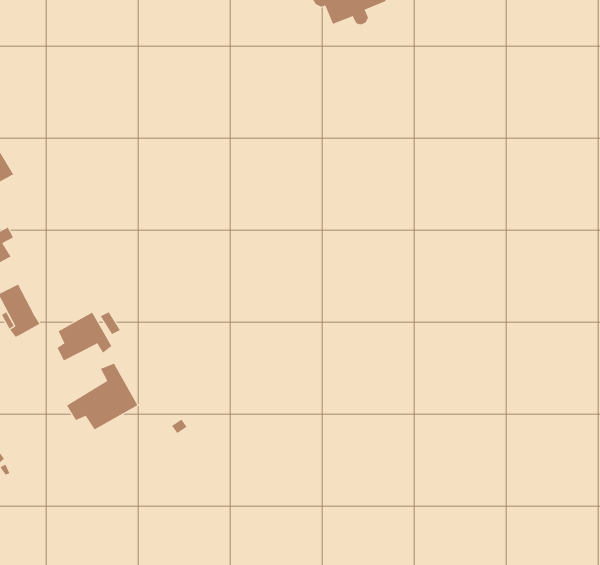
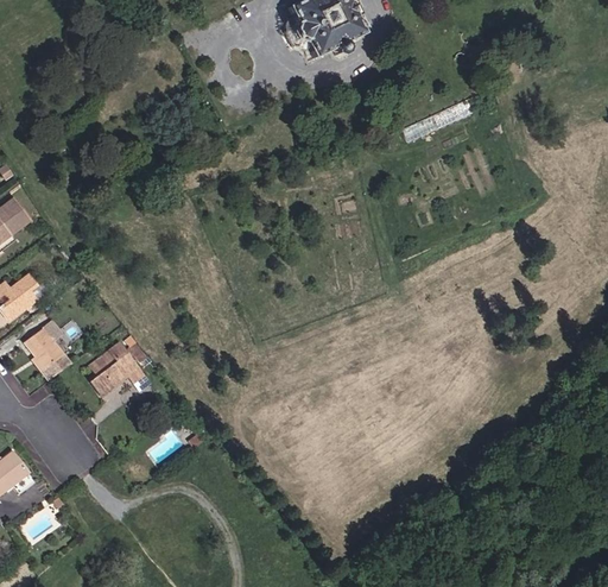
building: [66,363,138,430] -> none

